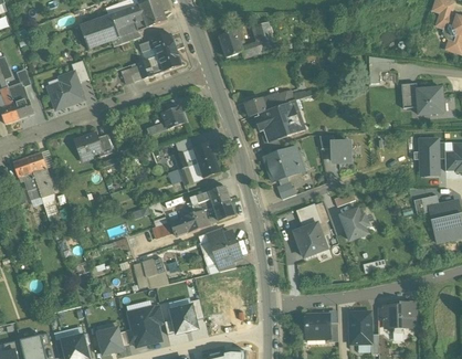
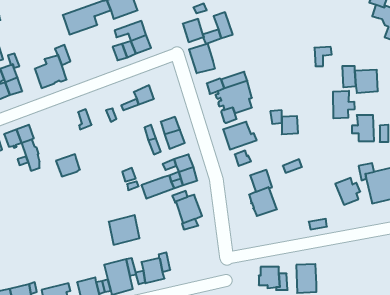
building: none -> [189,43,215,73]
building: none -> [333,91,354,118]
building: [74,133,102,158] -> [56,154,80,176]
building: [339,209,368,240] -> [335,178,360,205]
building: [384,303,411,332] -> none

